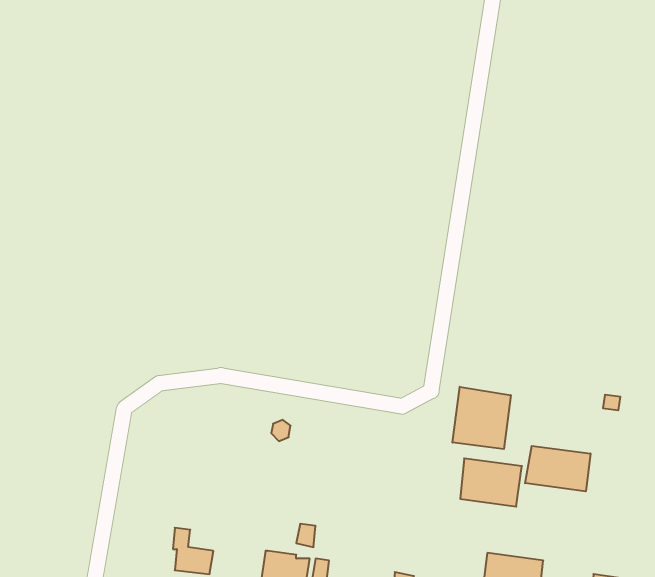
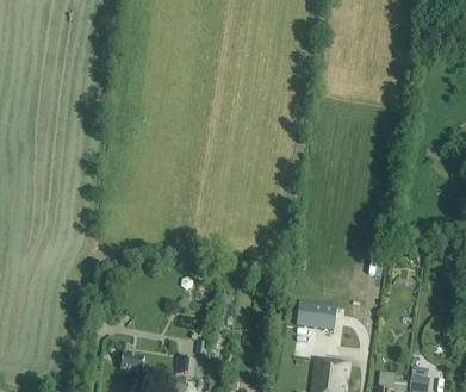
building: [452,387,511,449] -> none
building: [525,446,590,491] -> none

